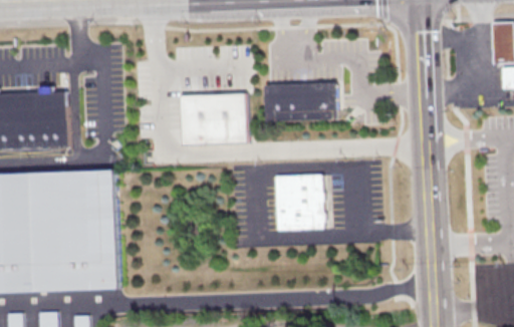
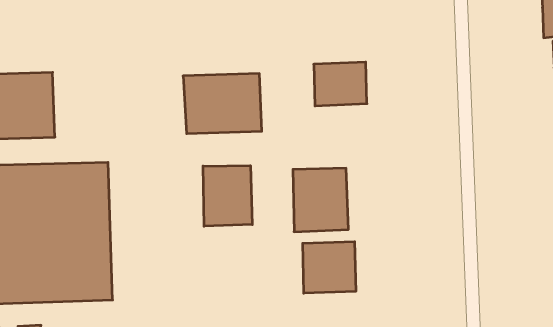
building: [267,84,295,121] -> none
building: none -> [203,166,252,226]
building: none -> [303,242,356,293]

